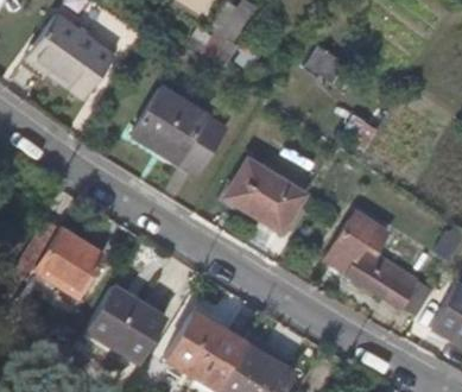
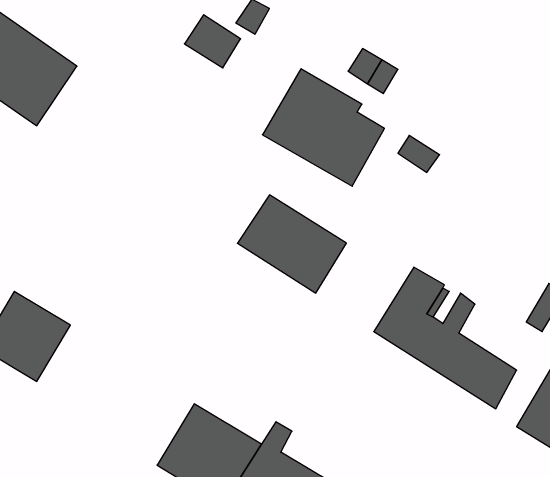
building: [129,87,220,173] -> [262,69,384,186]
building: [84,284,163,360] -> none

